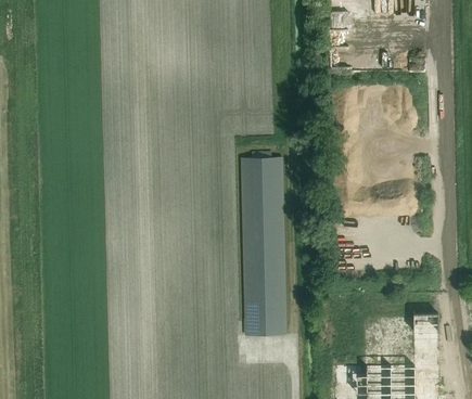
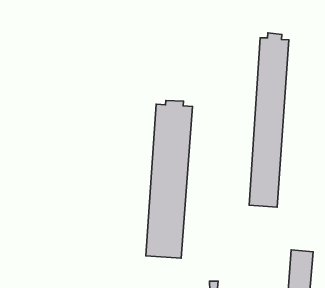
building: none -> [249,33,289,207]

